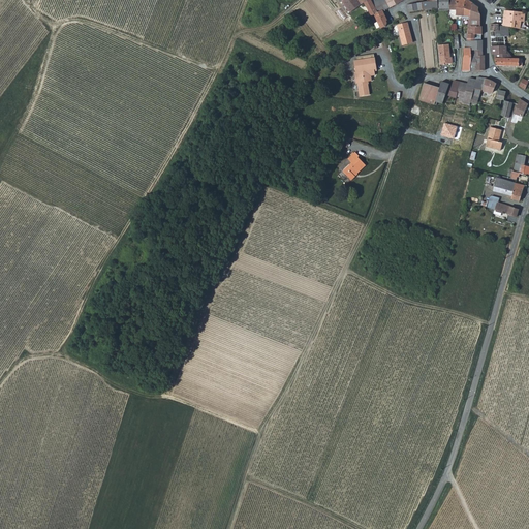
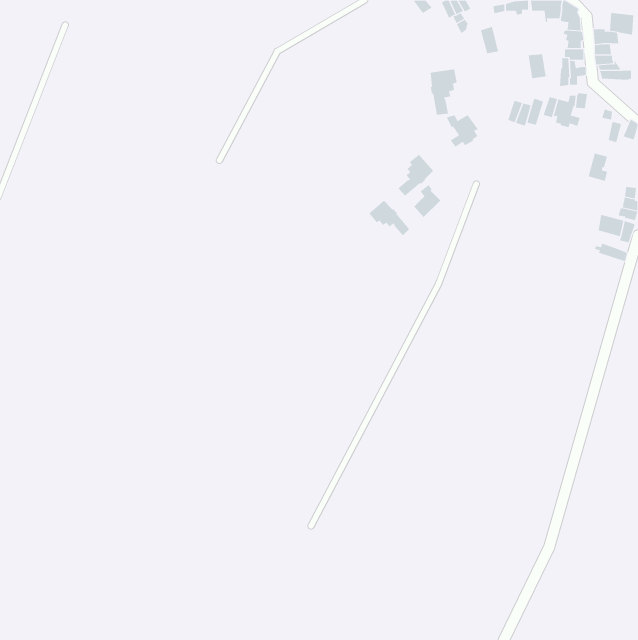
building: none -> [446,115,479,148]
building: none -> [397,154,434,196]
building: none -> [369,200,410,236]

